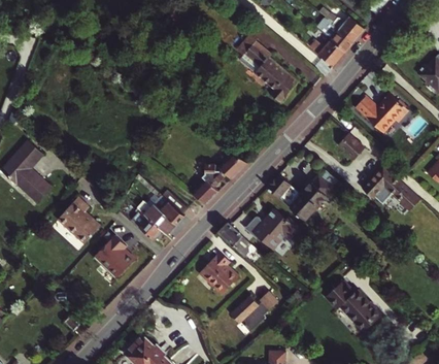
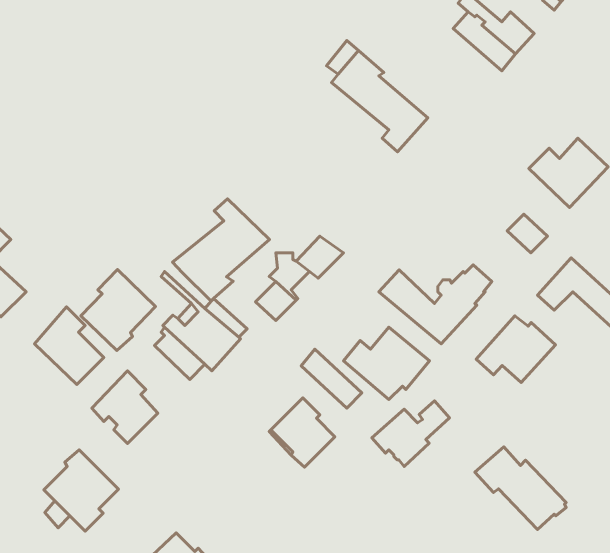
building: [310,39,343,66] -> none
building: none -> [173,199,270,301]
building: none -> [81,270,156,351]
building: none -> [476,316,555,383]
building: none -> [44,450,119,531]
building: [232,292,279,332] -> [372,401,450,467]

